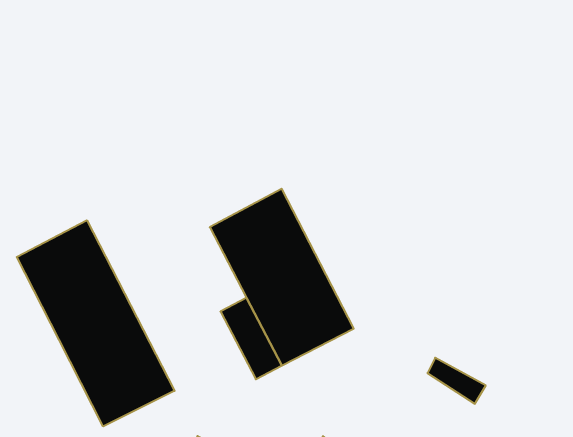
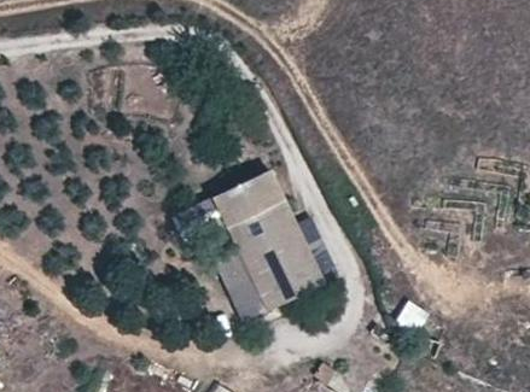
building: [17,220,175,426] -> none

